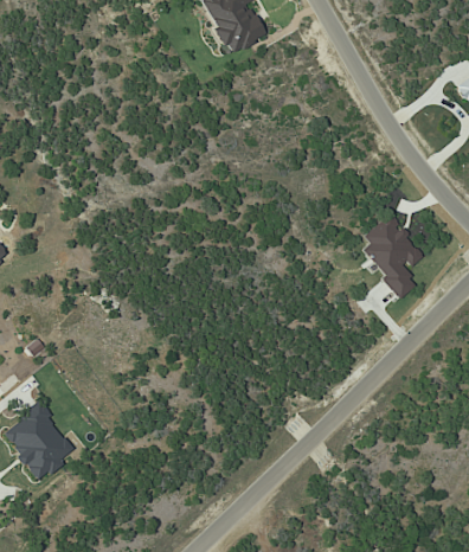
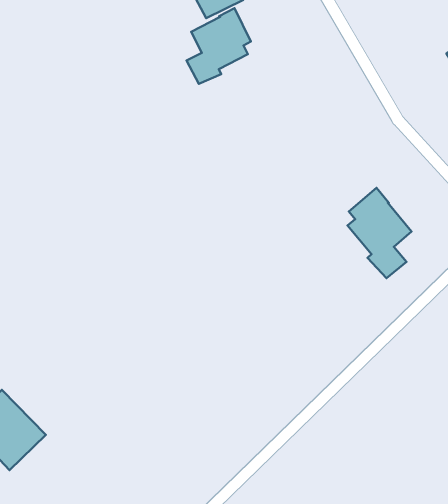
building: none -> [187,8,251,84]

